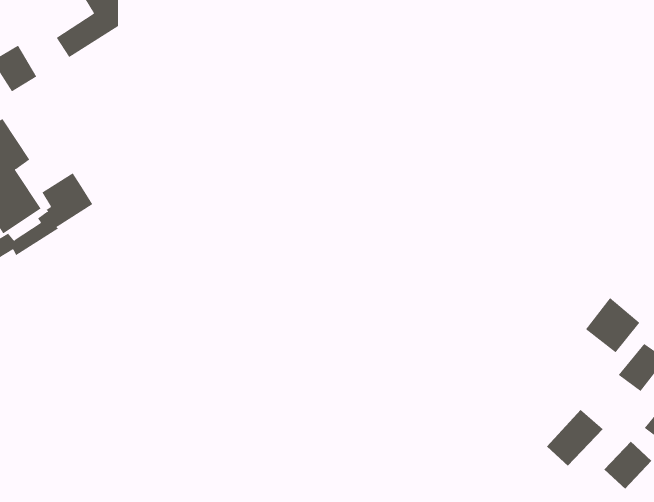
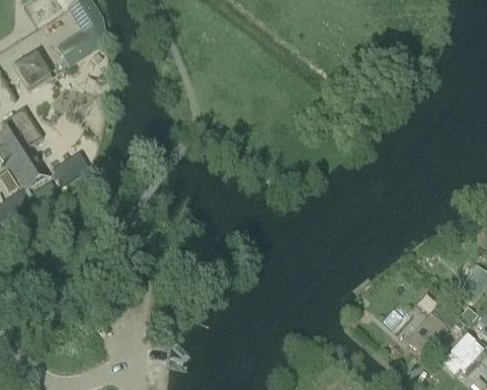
building: [585,297,640,353] -> none

